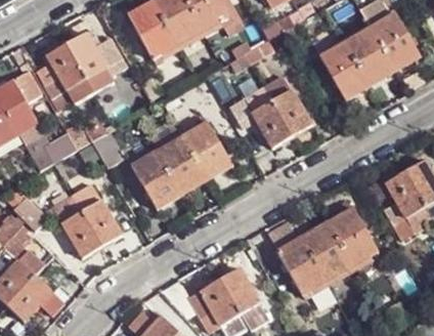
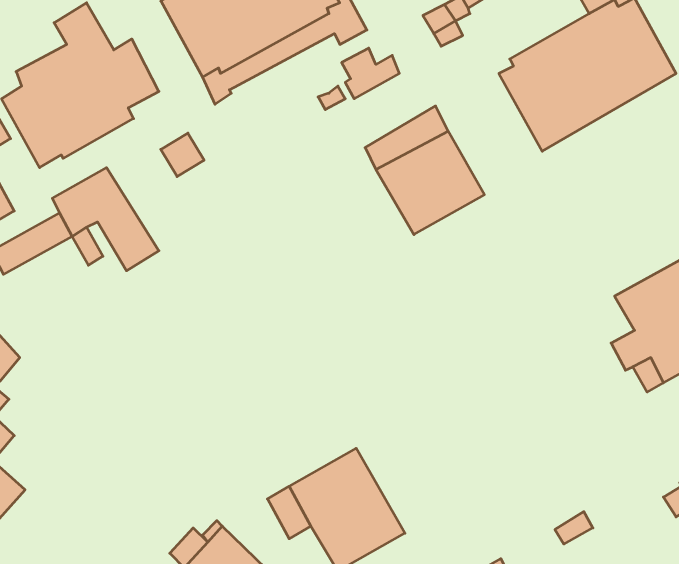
building: [131,119,232,207] -> none
building: [52,182,120,256] -> none
building: [277,207,377,295] -> none

